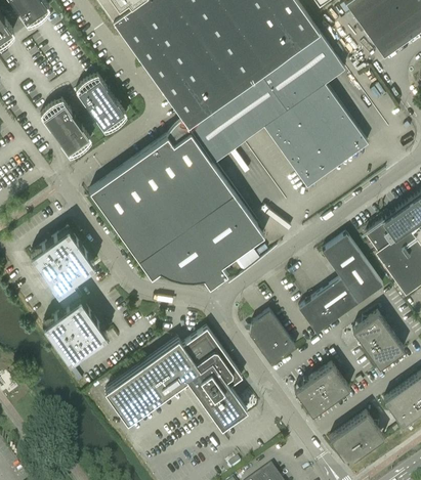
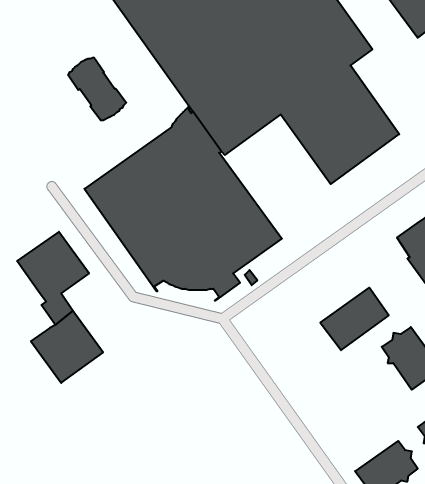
building: [41,101,91,157] -> none
building: [322,234,383,303] -> none
building: [250,311,296,365] -> none
building: [104,329,248,429] -> none
building: [294,364,349,417] -> none

